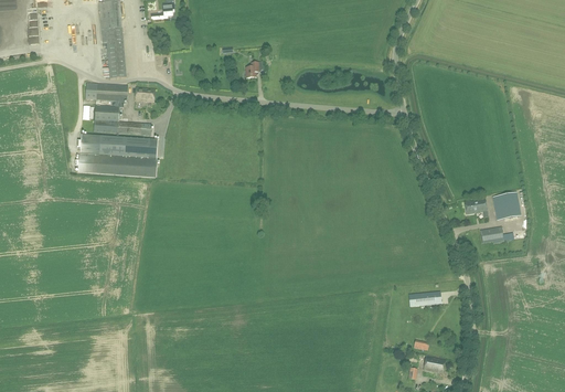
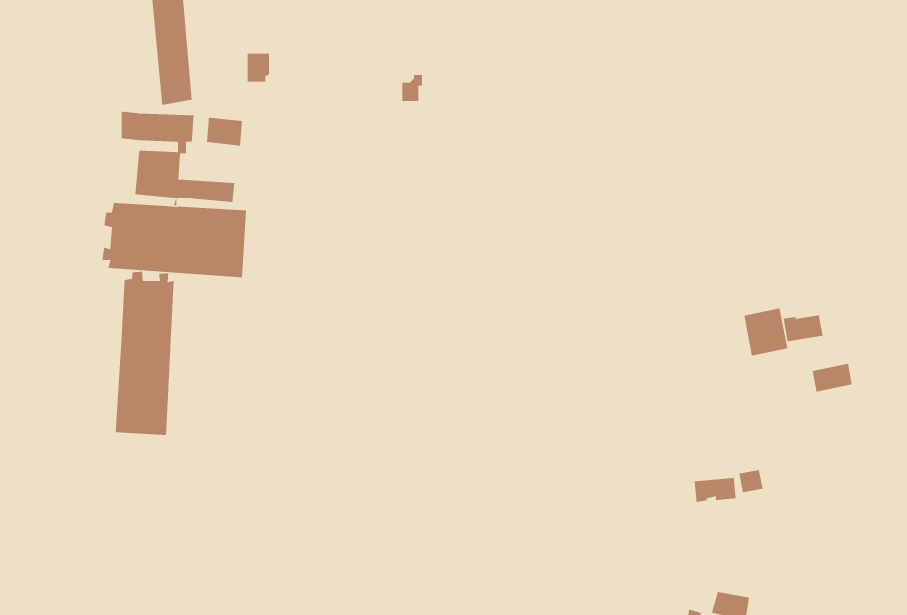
building: none -> [115,271,174,436]
building: [493,191,519,219] -> [743,308,788,356]

